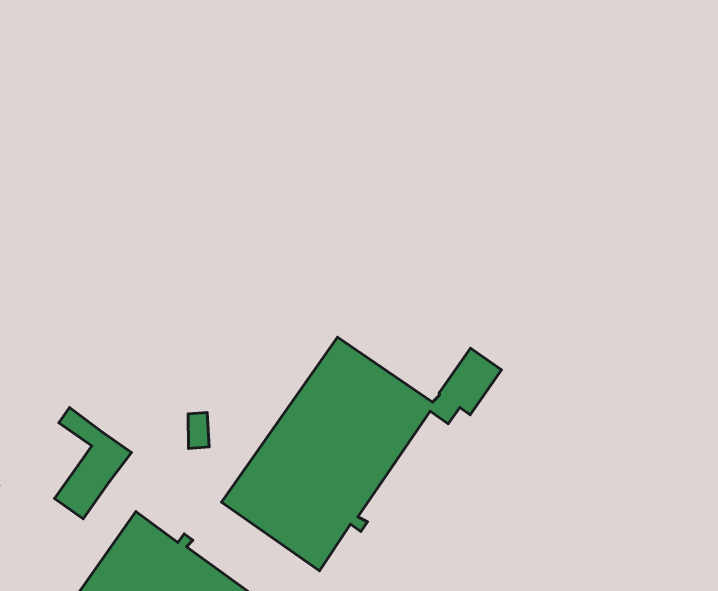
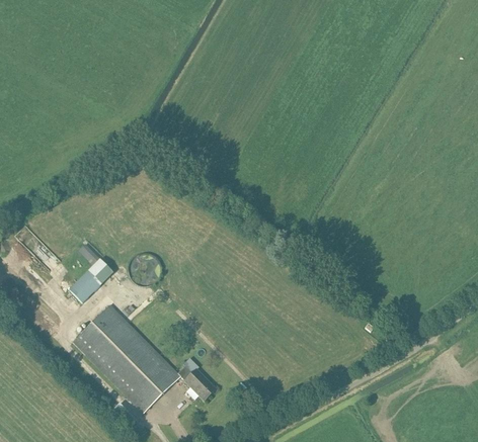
building: [222,337,501,571] -> none

